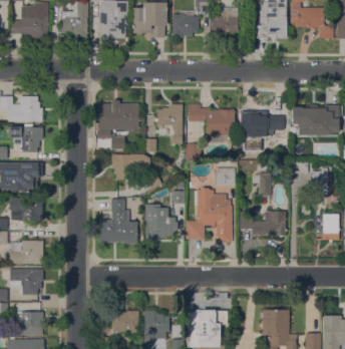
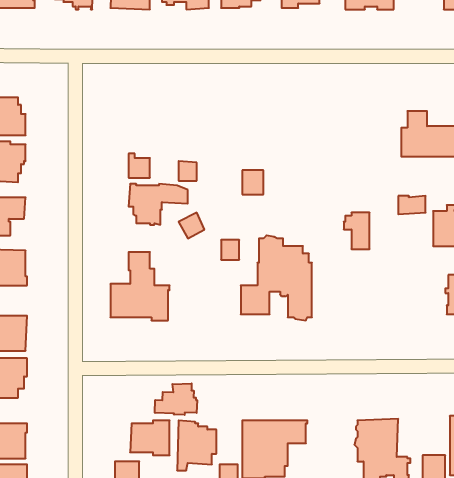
building: [96,100,138,133] -> none
building: [154,103,183,143] -> none
building: [188,103,235,144] -> none
building: [239,111,283,151] -> none
building: [215,167,237,186] -> none
building: [144,204,177,240] -> none
building: [239,212,285,238] -> none
building: none -> [155,383,197,415]

